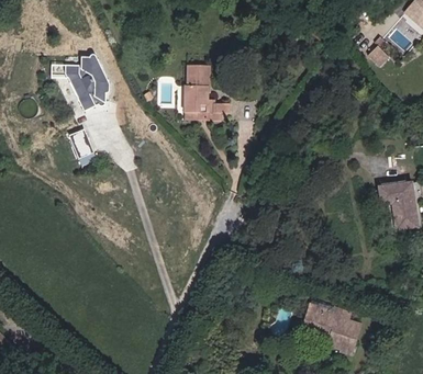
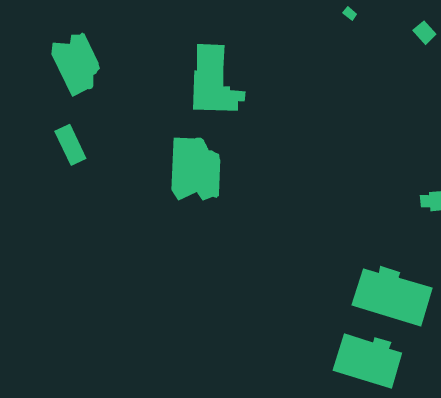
building: none -> [171,137,221,202]
building: none -> [350,265,433,328]

